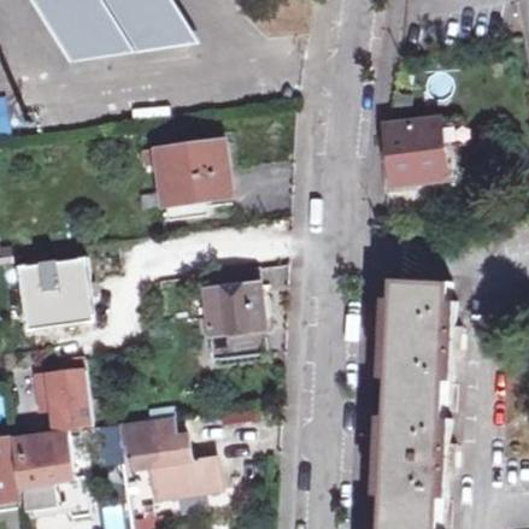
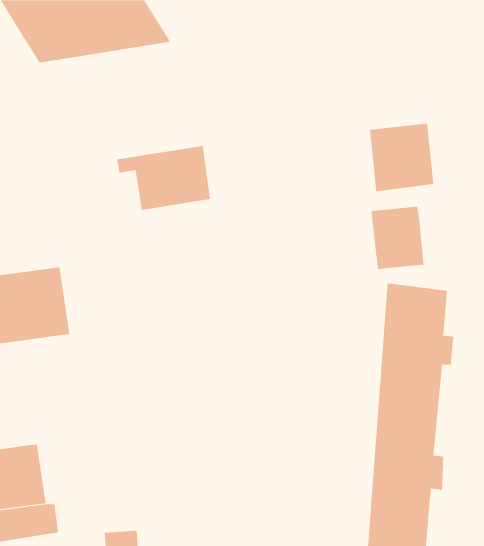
building: none -> [371,206,424,270]
building: [201,268,266,363] -> none
building: [33,358,88,430] -> none
building: [94,417,216,498] -> none

